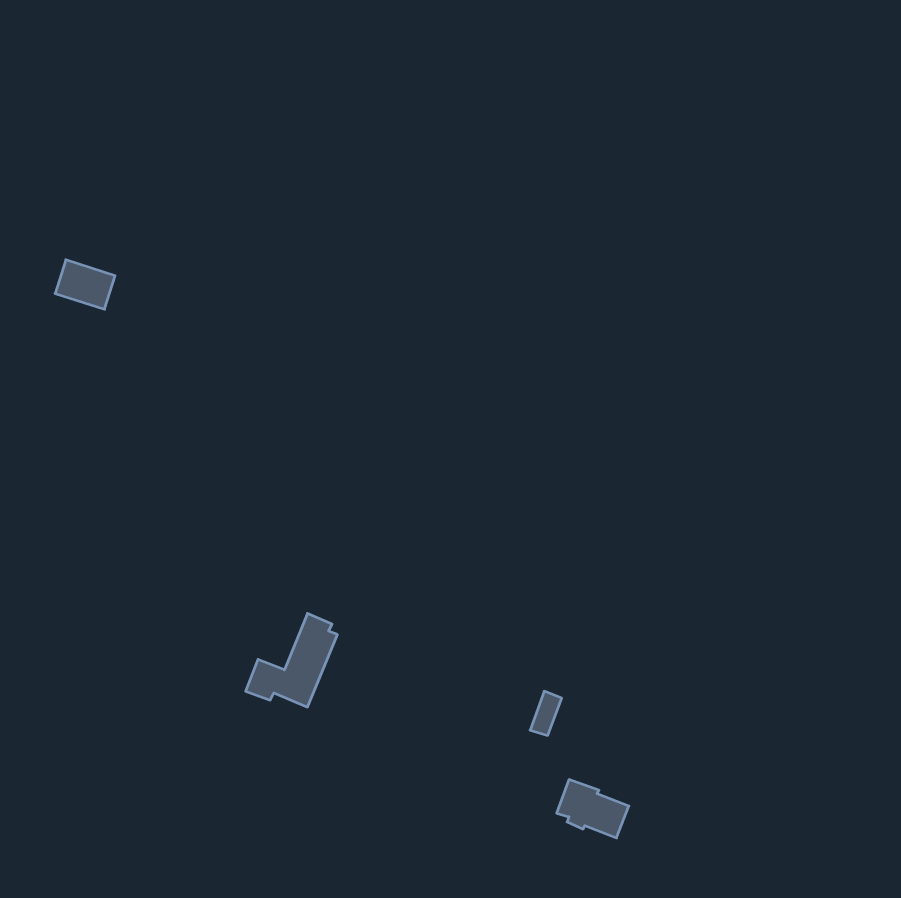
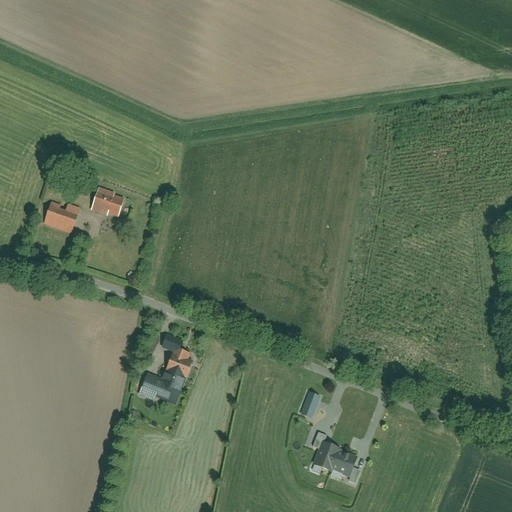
building: [55,260,115,309] -> [46,204,80,232]
building: none -> [94,189,125,218]

